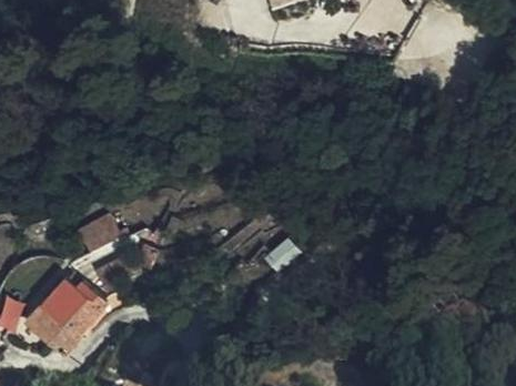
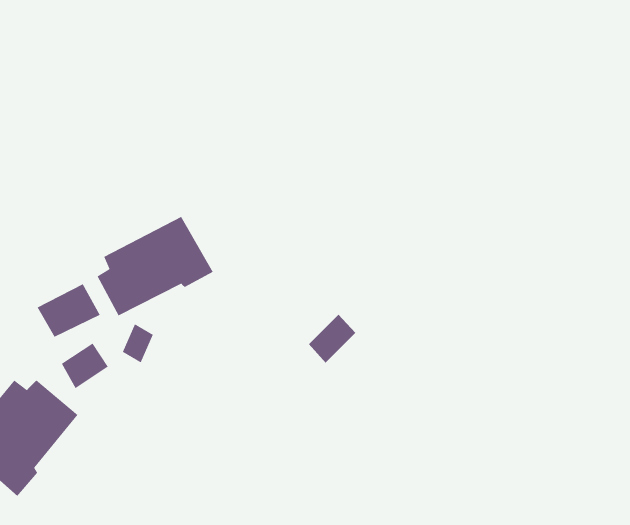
building: none -> [97,216,214,317]

